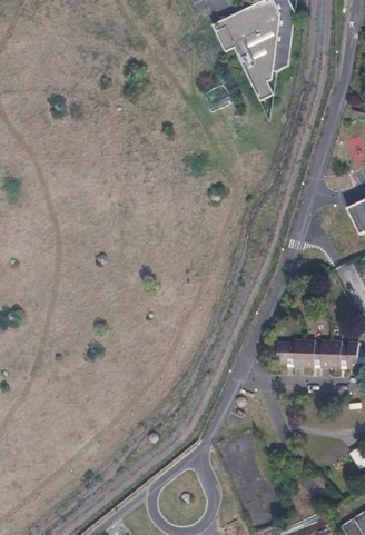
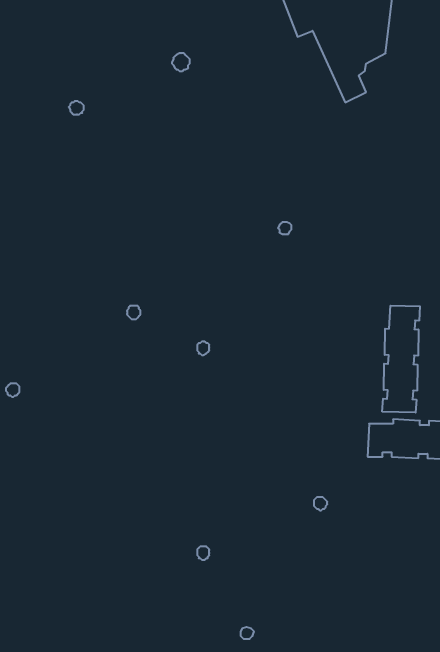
building: none -> [382,306,420,413]

